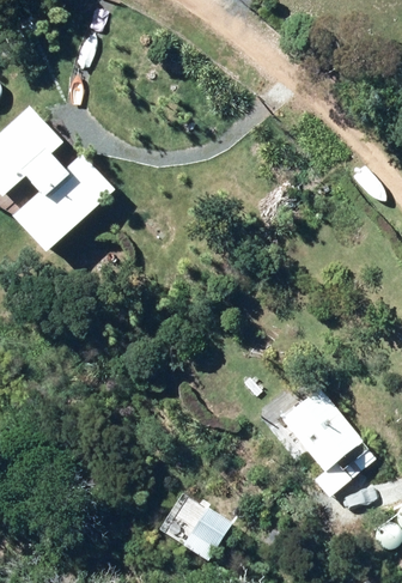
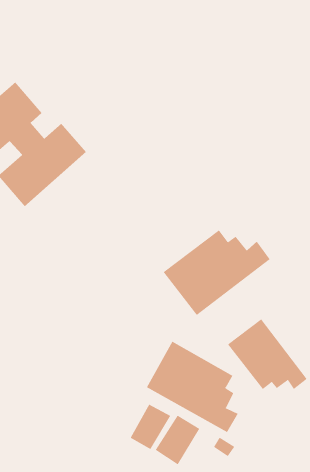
building: none -> [163,230,271,316]
building: none -> [146,341,238,433]

